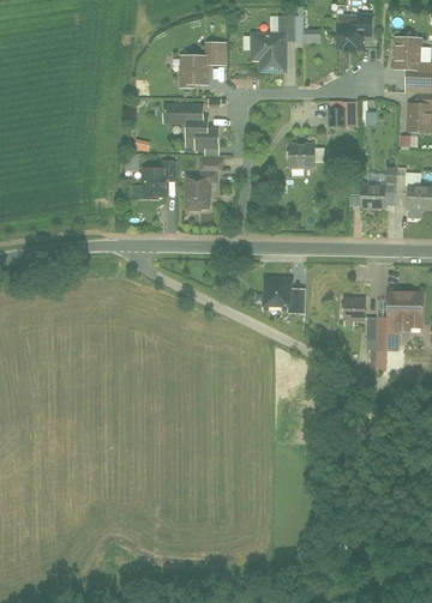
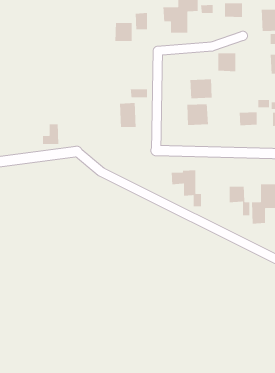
building: [178,98,222,150] -> none
building: [133,168,158,199] -> [42,124,59,145]
building: none -> [186,104,209,126]

